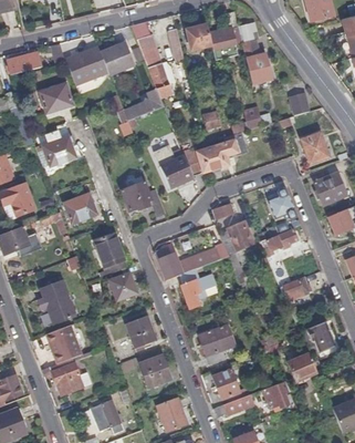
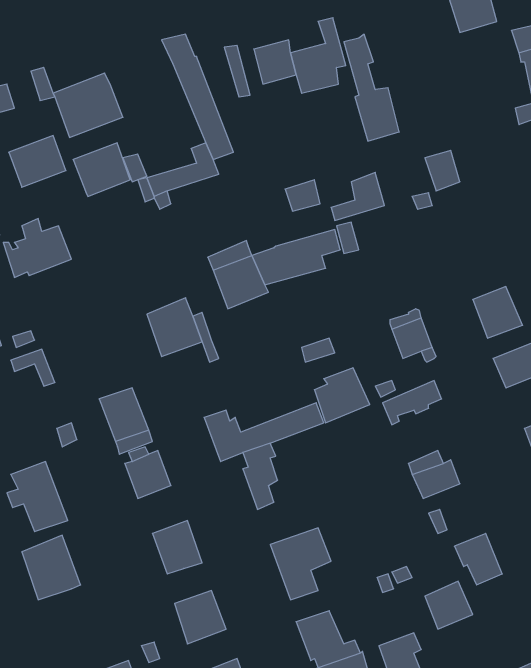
building: [100,42,134,74] -> [73,143,130,196]
building: [304,133,332,163] -> none
building: [64,194,96,224] -> none
building: [42,356,92,392] -> none

